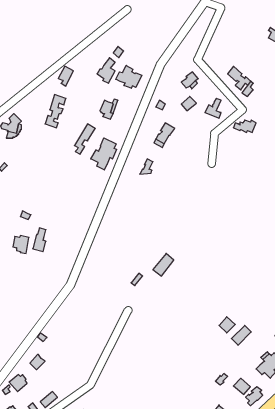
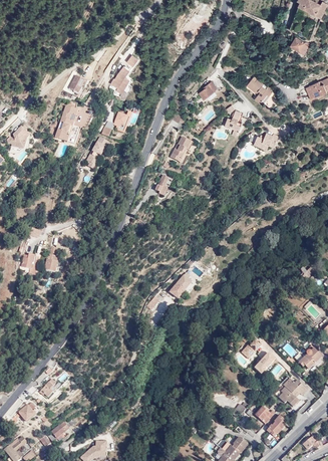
building: [116,65,142,88] -> none
building: [91,138,117,170] -> none

